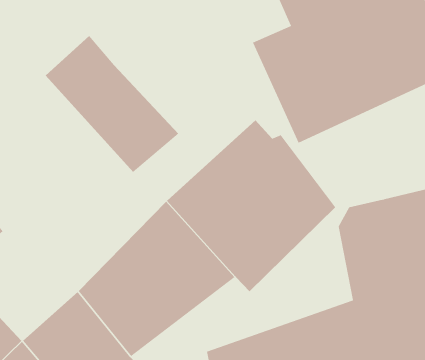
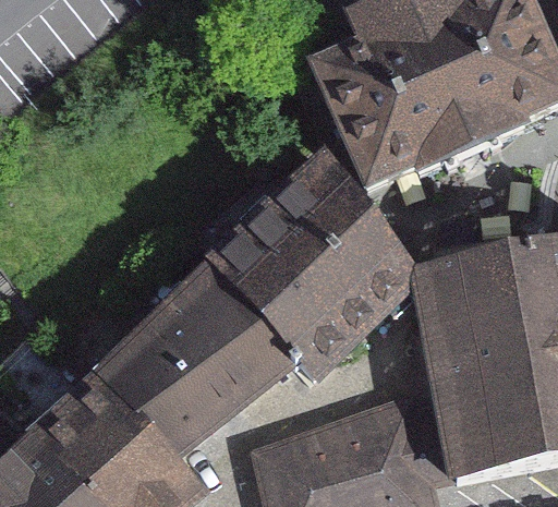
building: [45,35,179,173] -> none

